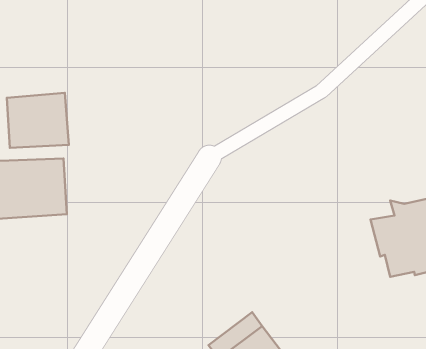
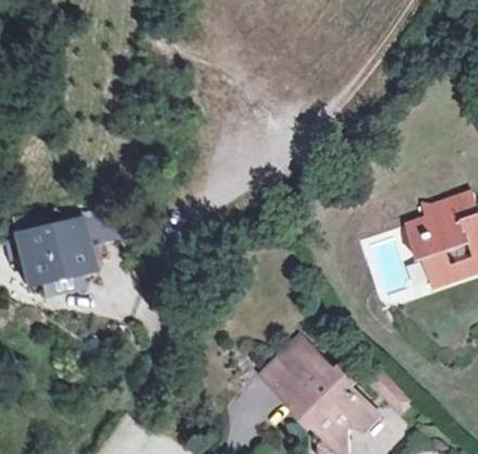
building: [7,93,69,148] -> none

